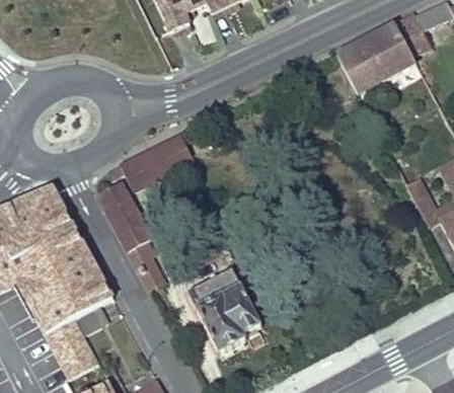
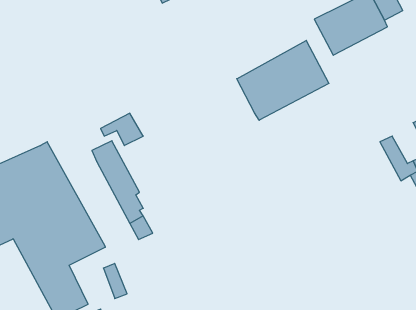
building: none -> [237,40,329,120]
building: [140,134,192,177] -> none
building: [185,267,260,351] -> none

